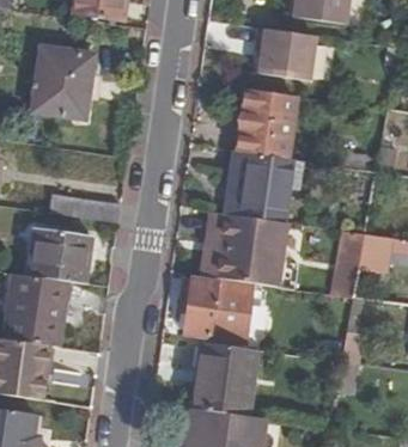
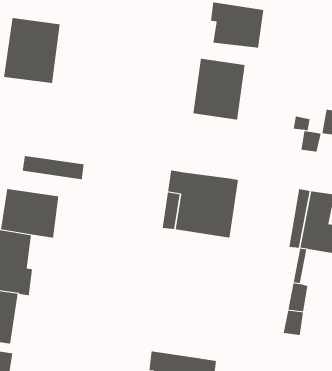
building: [227,151,304,221] -> none
building: [184,276,255,342] -> none
building: [191,342,257,416] -> none

